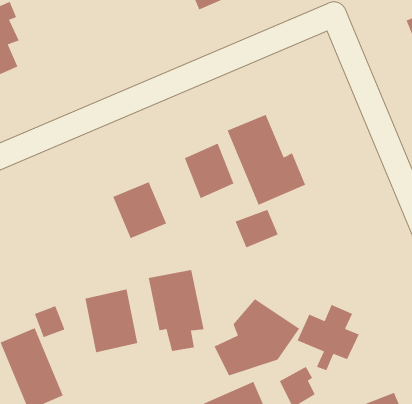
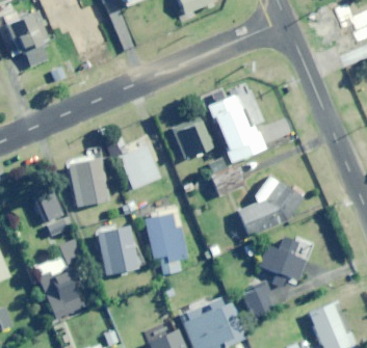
building: none -> [69,158,108,207]
building: none -> [41,197,69,235]
building: [213,298,300,377] -> [237,175,303,234]

